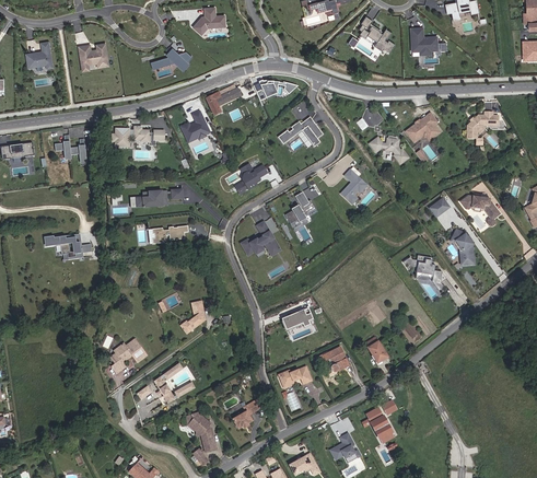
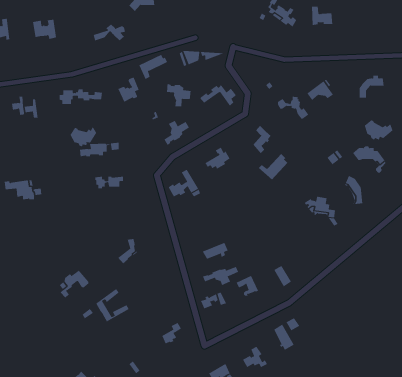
building: none -> [166,83,191,107]
building: none -> [364,119,393,141]
building: none -> [70,126,97,147]
building: none -> [258,153,288,180]
building: none -> [202,266,239,286]
building: [188,413,217,452] -> none

